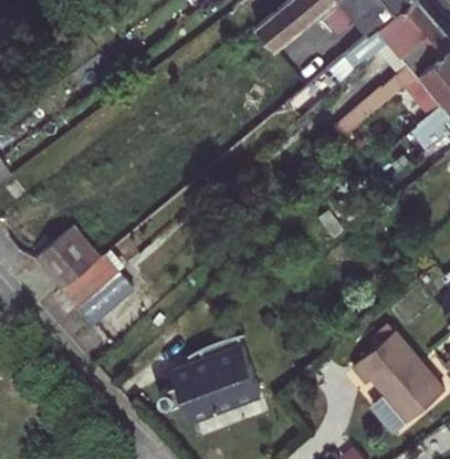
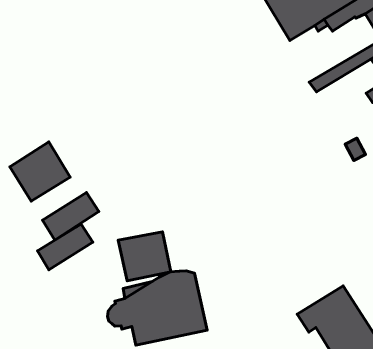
building: [64,255,119,306] -> [37,224,93,270]
building: none -> [118,232,171,281]

